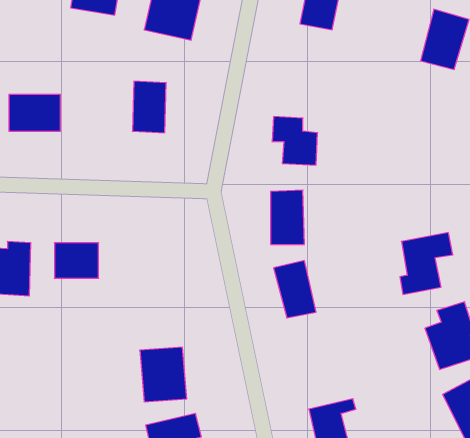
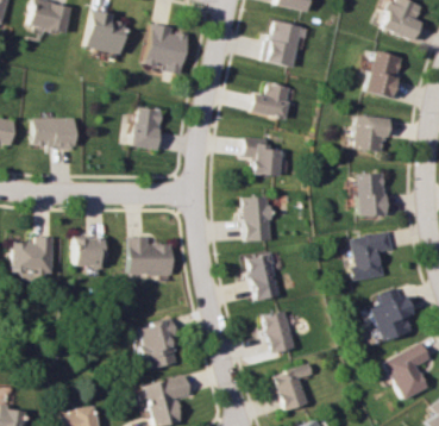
building: none -> [252,83,294,118]
building: none -> [355,115,389,152]
building: none -> [357,173,387,215]
building: none -> [126,239,170,276]
building: none -> [263,311,296,353]

